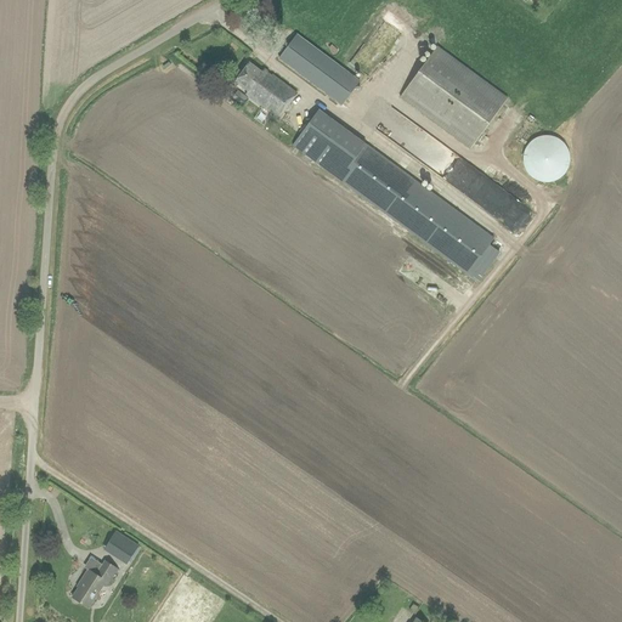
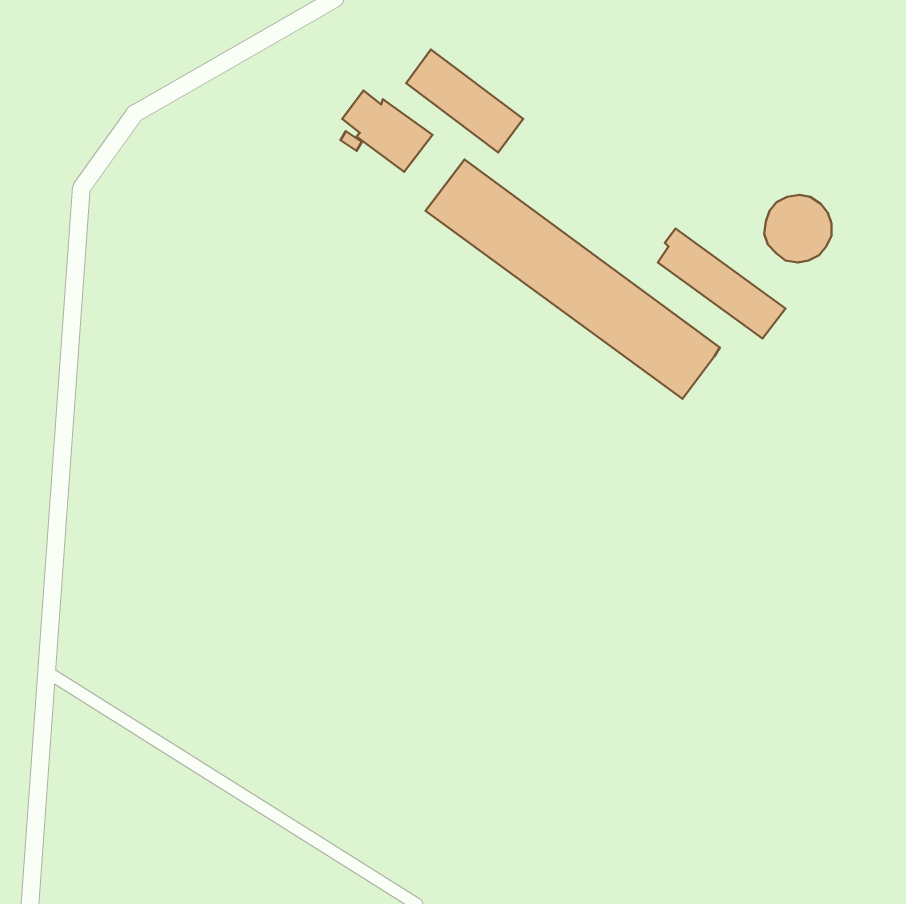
building: [400,46,507,148] -> none
building: [106,528,142,562] -> none
building: [72,555,117,607] -> none

